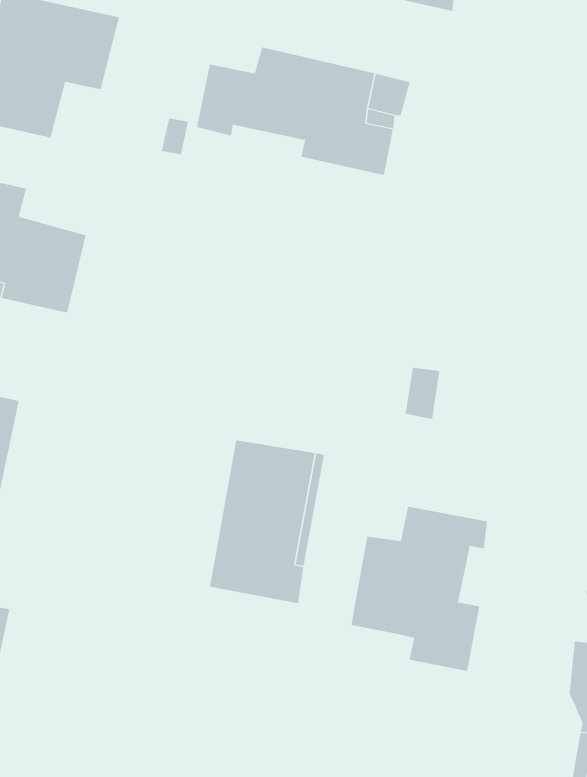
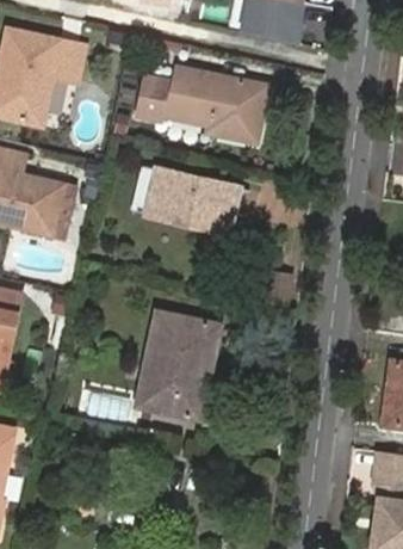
building: none -> [151,175,243,239]
building: [351,506,488,672] -> none

